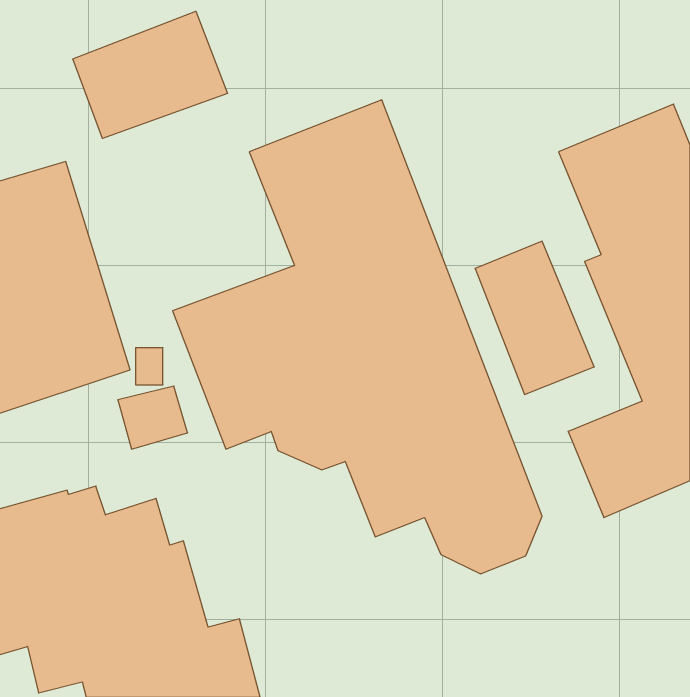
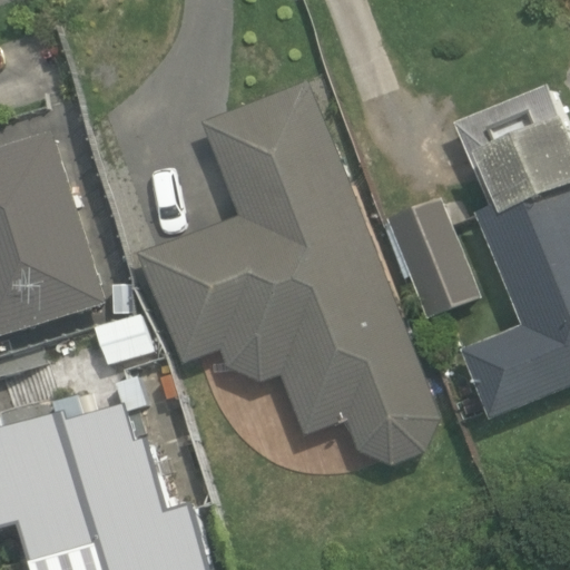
building: [73,11,227,138] -> none

